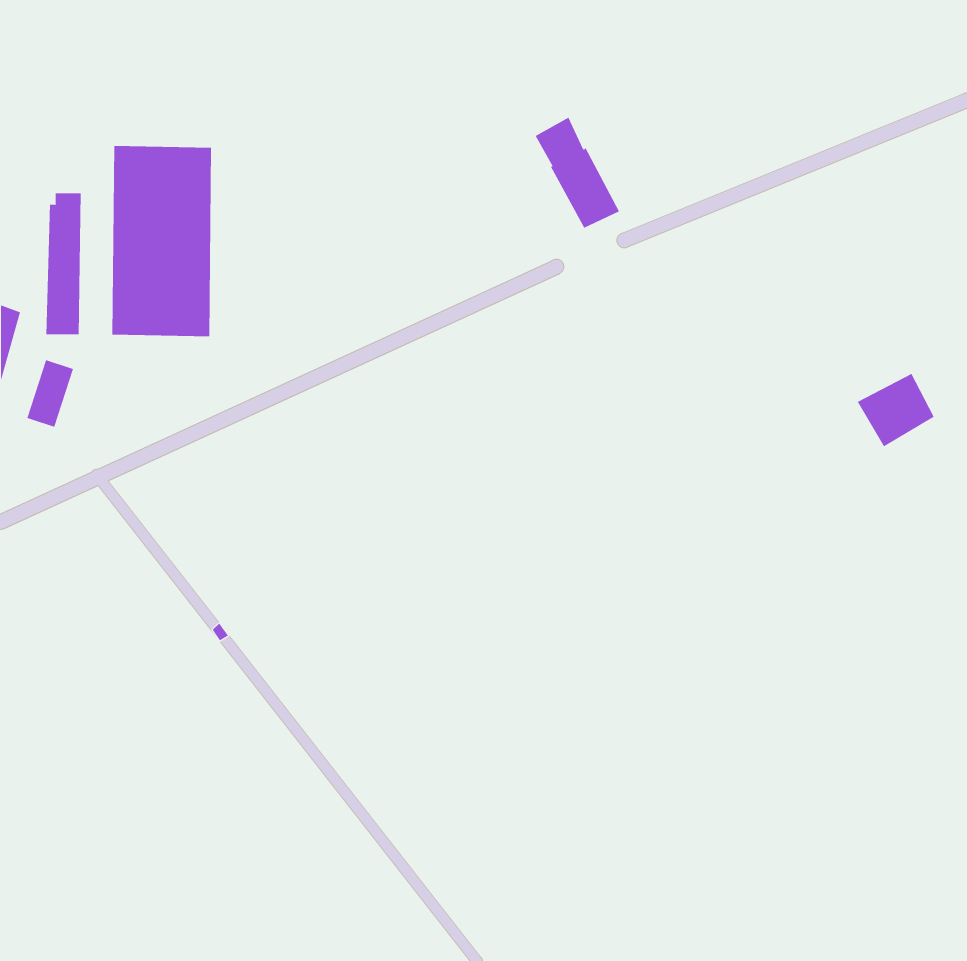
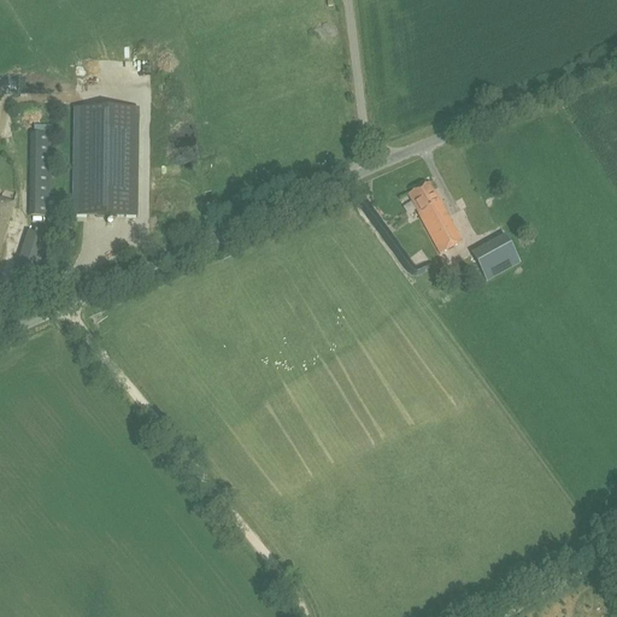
building: [535,117,620,228] -> [409,180,463,251]
building: [857,373,935,447] -> [471,233,521,280]

